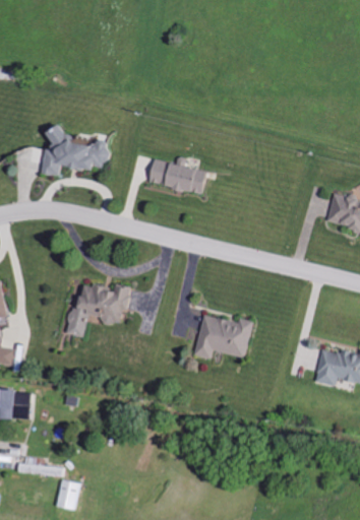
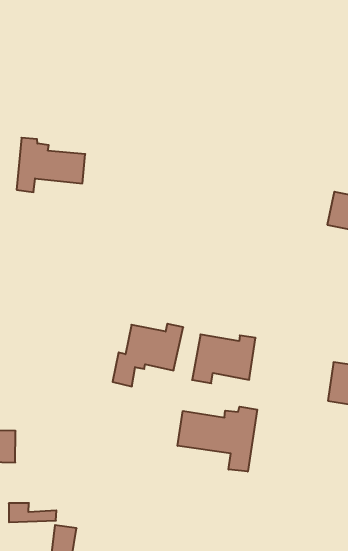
building: [146,158,208,193] -> none
building: [61,281,128,337] -> [113,324,183,386]
building: none -> [178,407,257,472]

